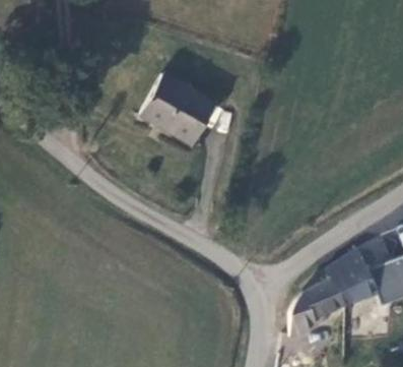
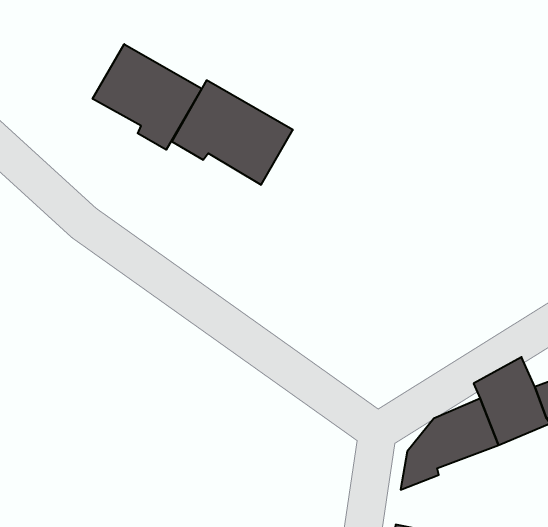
building: none -> [93,44,202,150]

